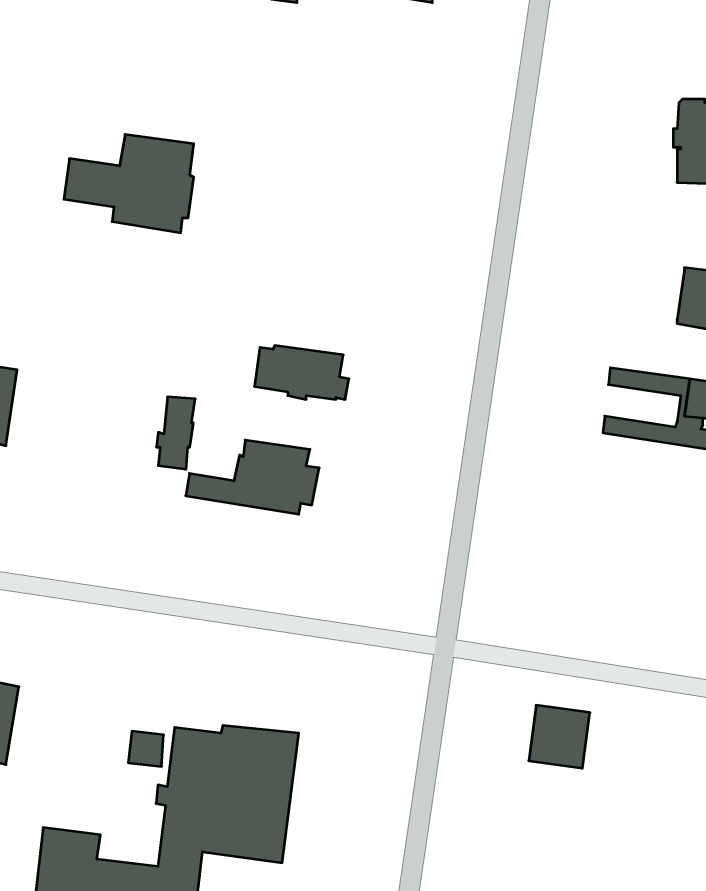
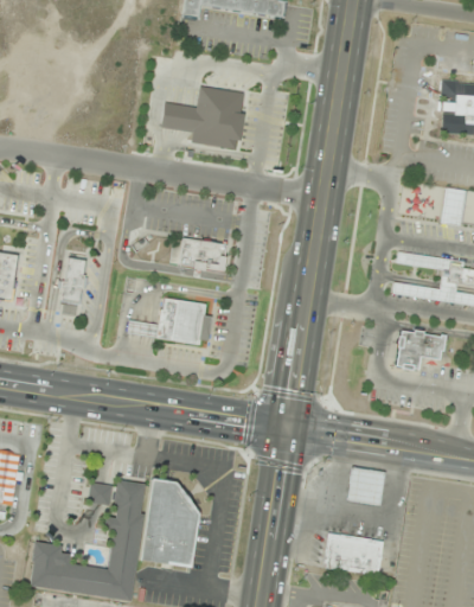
building: [64,134,194,233] -> [160,85,243,148]
building: [156,397,195,469] -> [62,257,87,304]
building: none -> [396,328,446,371]
building: none -> [324,533,384,576]

